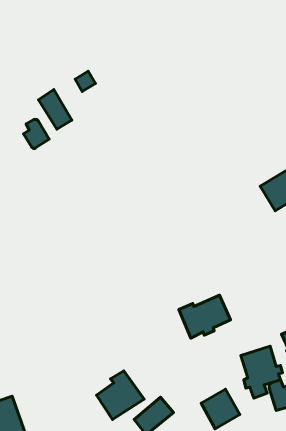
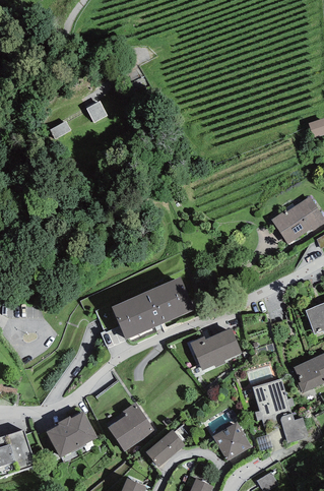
building: [24,119,49,149] -> none
building: none -> [112,274,197,339]
building: none -> [46,411,99,457]

